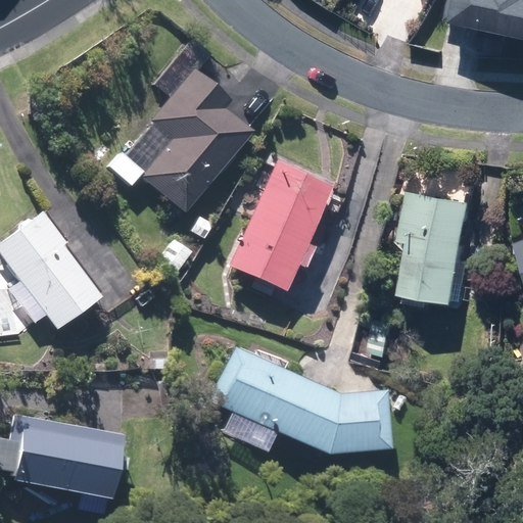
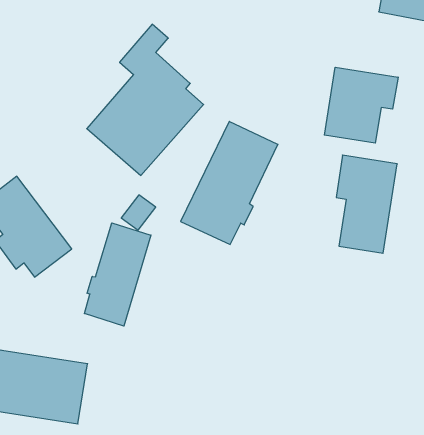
building: none -> [324,67,398,143]
building: none -> [84,223,151,326]
building: [209,347,385,456] -> none

